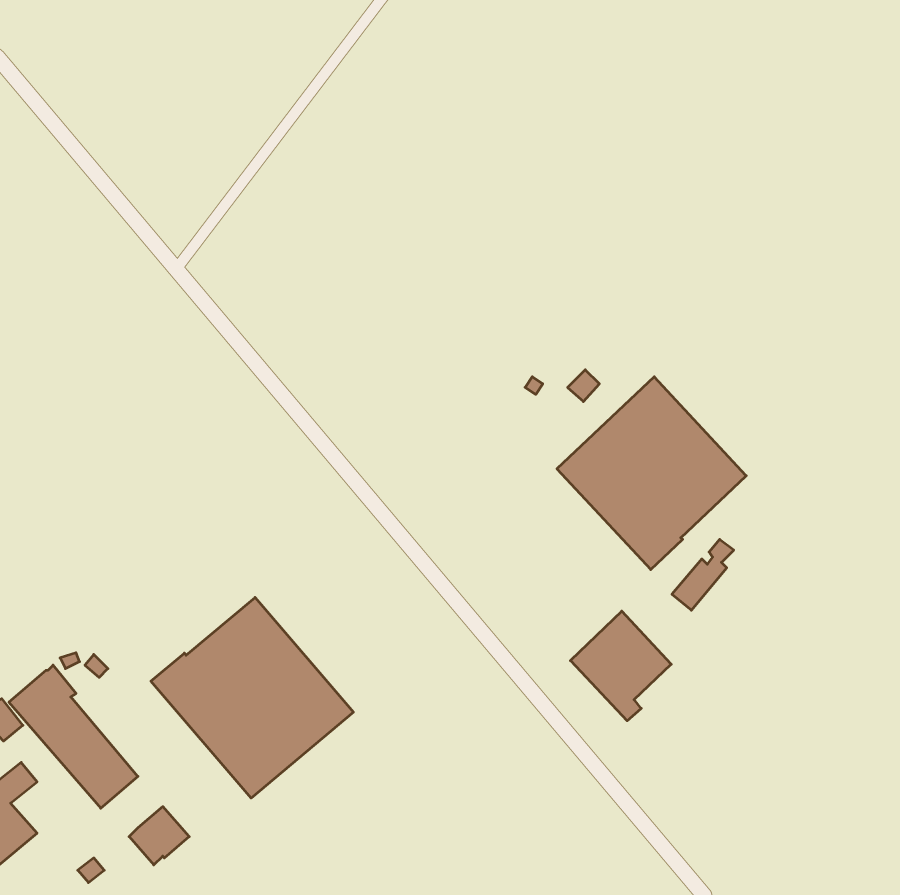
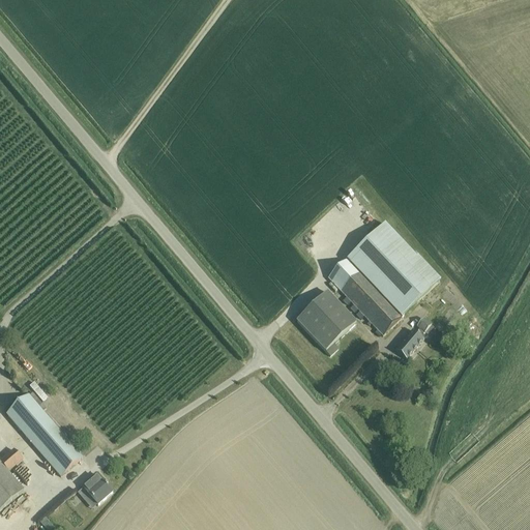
building: [151,597,353,798] -> none
building: [570,611,671,721] -> [295,289,354,353]

